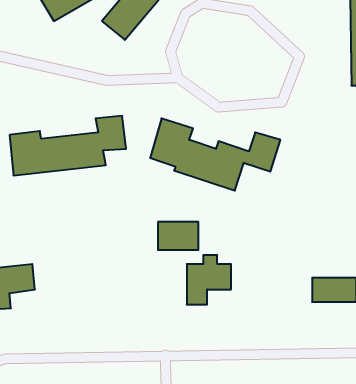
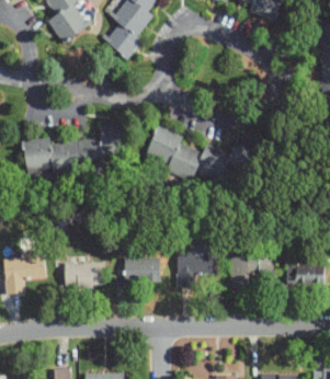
building: [158,222,198,250] -> [124,257,159,282]
building: none -> [229,253,271,288]
building: none -> [64,263,103,287]

